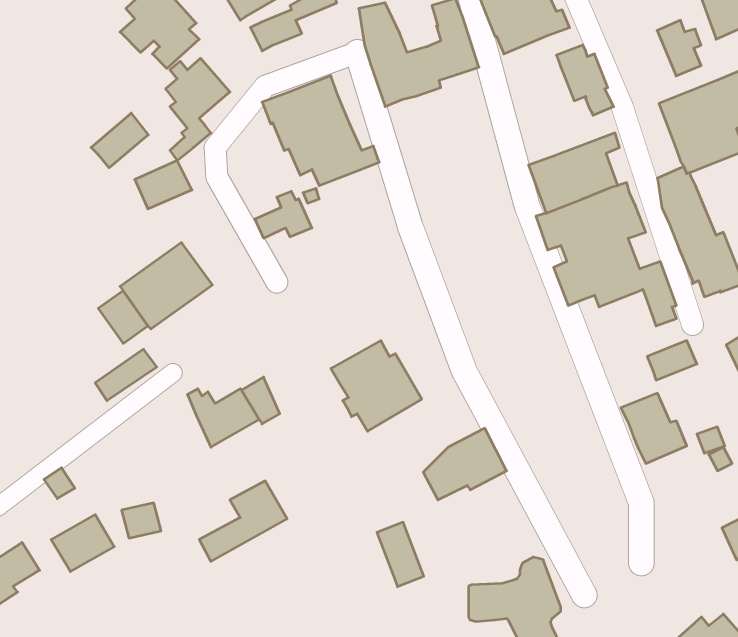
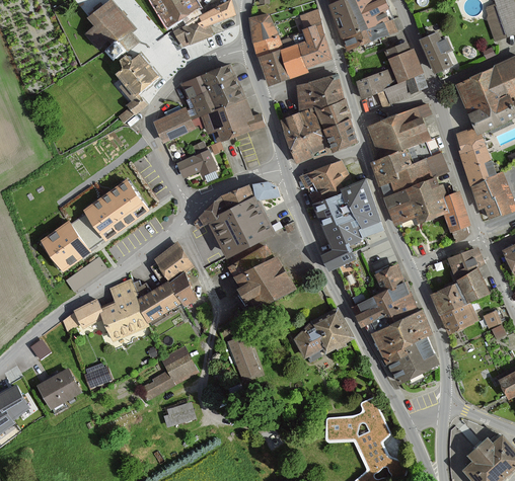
building: [657,20,701,76] -> [421,33,451,72]
building: none -> [356,71,412,105]
building: none -> [281,76,358,162]
building: [91,113,148,168] -> none
building: [135,161,192,209] -> [154,108,194,142]
building: none -> [302,161,384,270]
building: none -> [194,182,279,257]
building: none -> [43,224,88,270]
building: none -> [155,245,191,279]
building: none -> [356,265,437,383]
building: none -> [457,270,488,303]
building: none -> [73,280,148,340]
building: [377,522,424,587] -> [229,336,262,381]
building: none -> [163,401,197,425]

